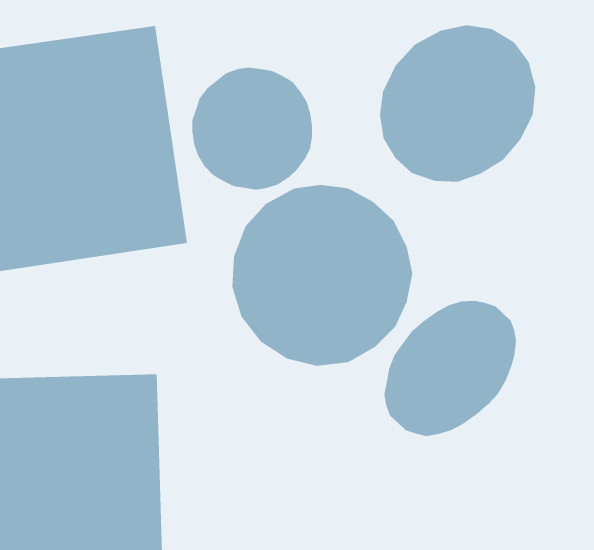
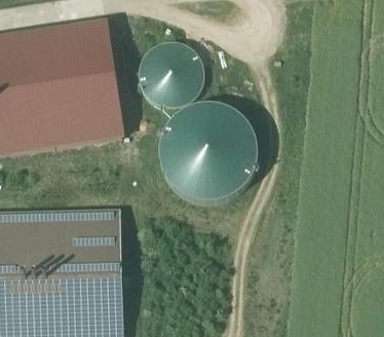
building: [380,24,536,183] -> none
building: [384,300,517,437] -> none

